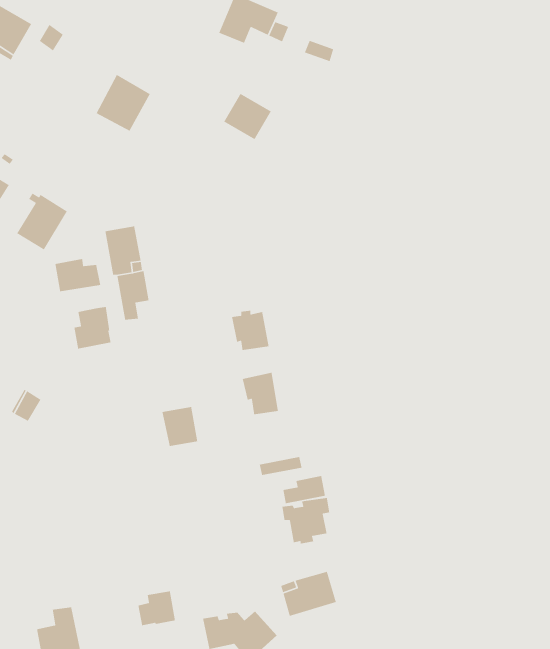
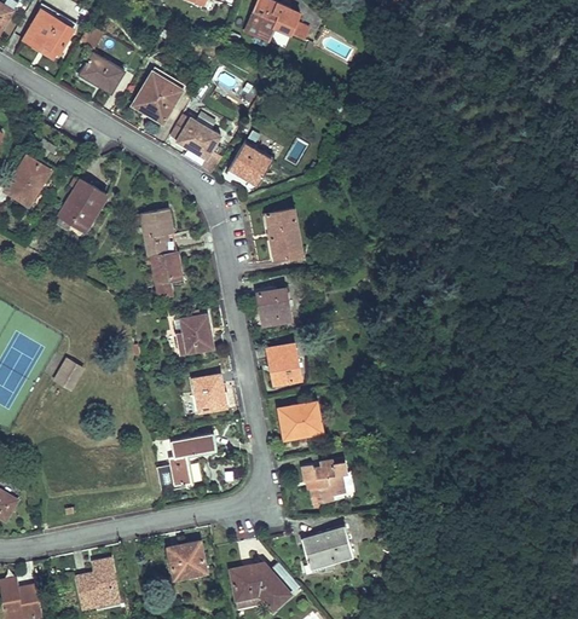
building: none -> [79,52,125,93]
building: [223,93,272,140] -> [229,141,273,185]
building: none -> [177,118,220,158]
building: none -> [266,209,302,260]
building: [54,258,101,292] -> none
building: [73,306,112,350] -> [177,314,212,354]
building: none -> [169,434,216,485]
building: [282,475,326,504] -> [279,401,319,428]

